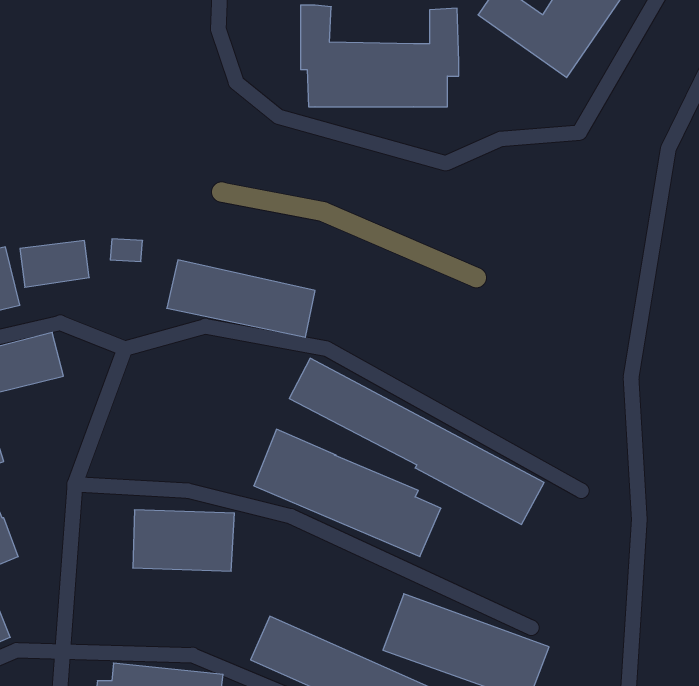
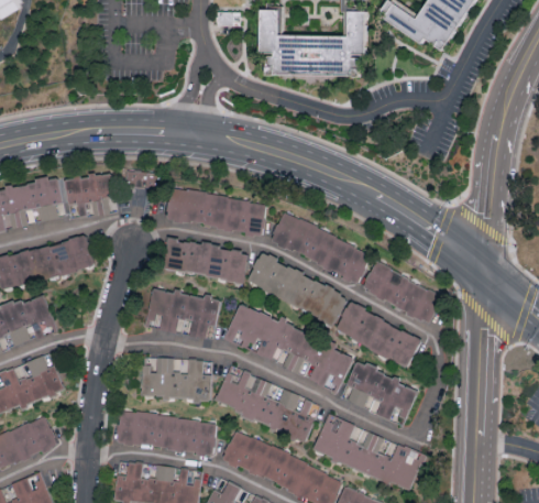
building: none -> [268,212,371,285]
building: none -> [162,238,250,282]
building: none -> [362,261,441,322]
building: none -> [145,286,217,338]
building: none -> [334,359,417,423]
building: none -> [213,367,319,438]
building: none -> [116,407,217,456]

